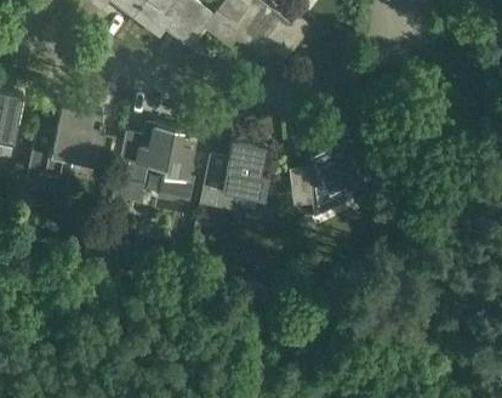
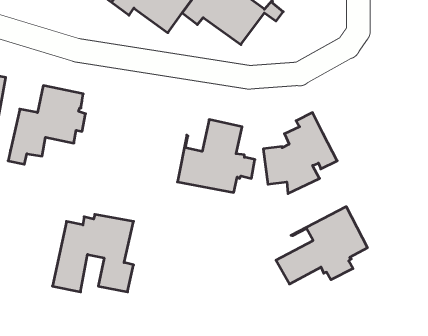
building: [112,123,195,203] -> [52,214,134,292]
building: none -> [276,207,367,284]

